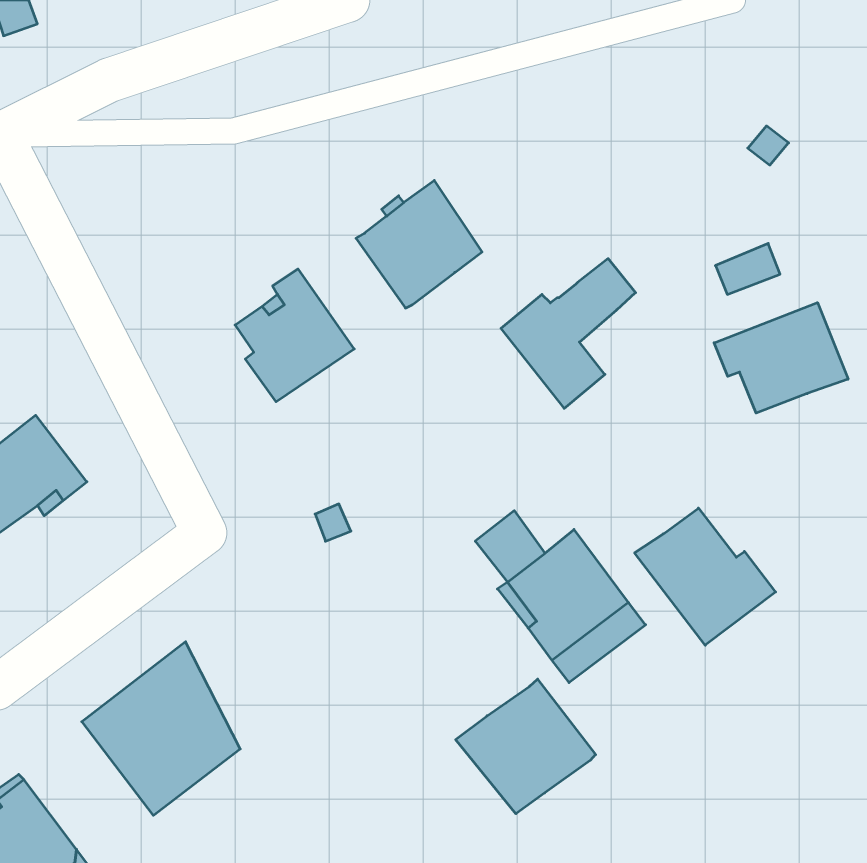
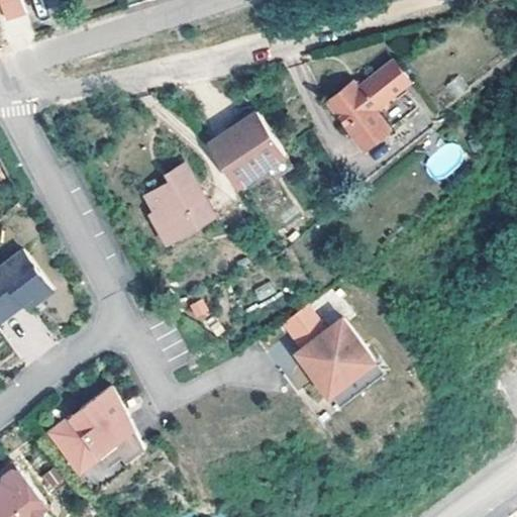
building: [501,259,636,408] -> [327,60,407,148]
building: [714,303,848,413] -> none
building: [635,508,776,645] -> none
building: [456,679,596,814] -> none

